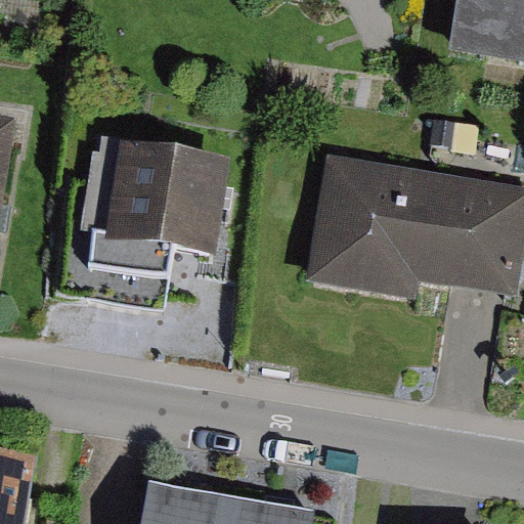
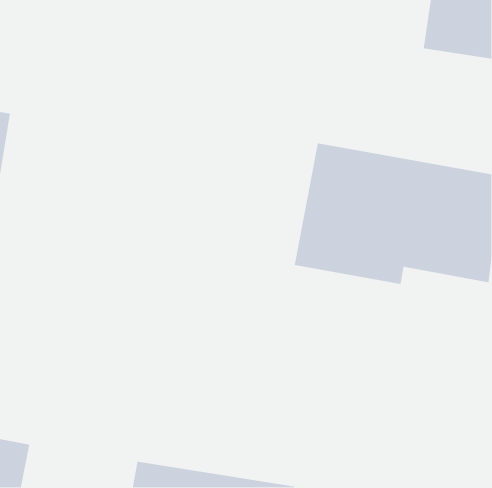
building: [105,143,234,259] -> none

